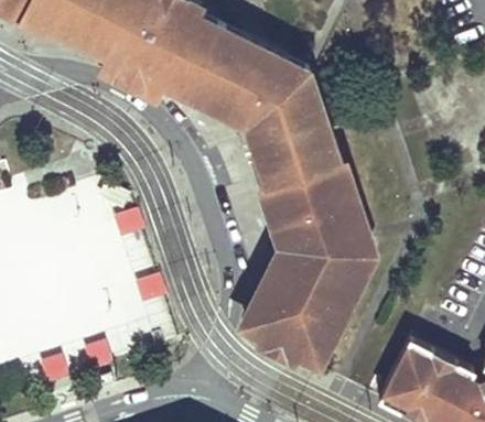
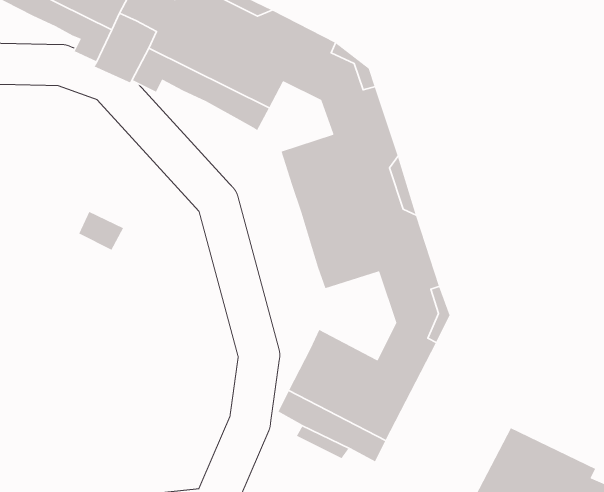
building: [234,93,288,142] -> none
building: [278,229,333,292] -> none

